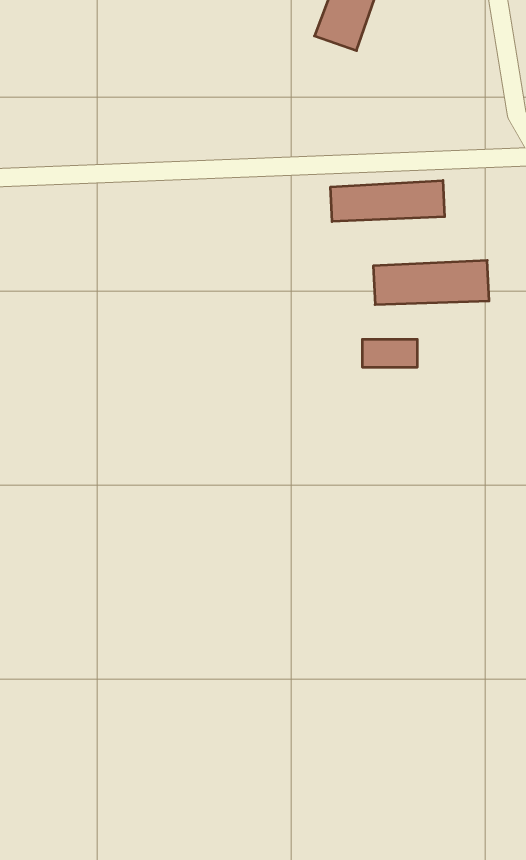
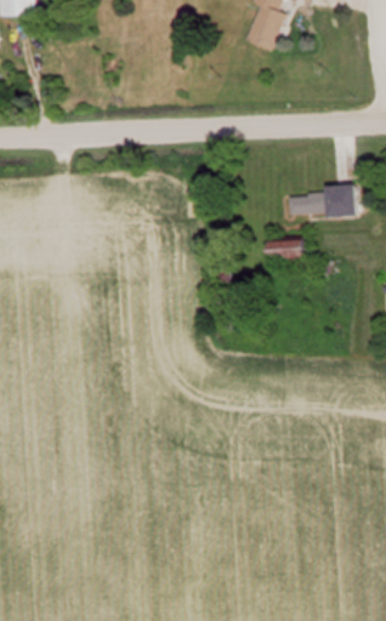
building: [331,180,445,222] -> none

